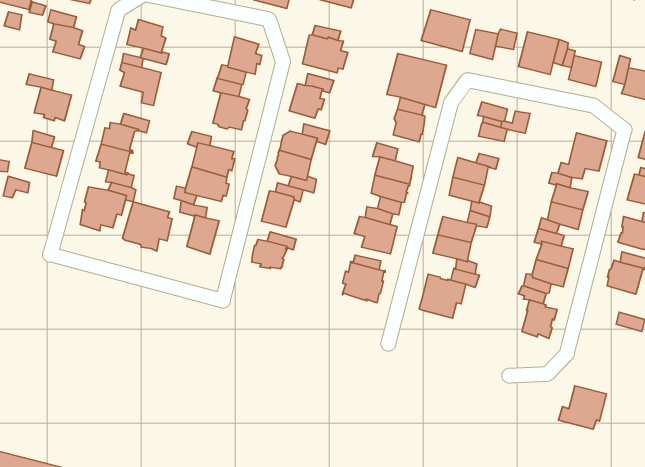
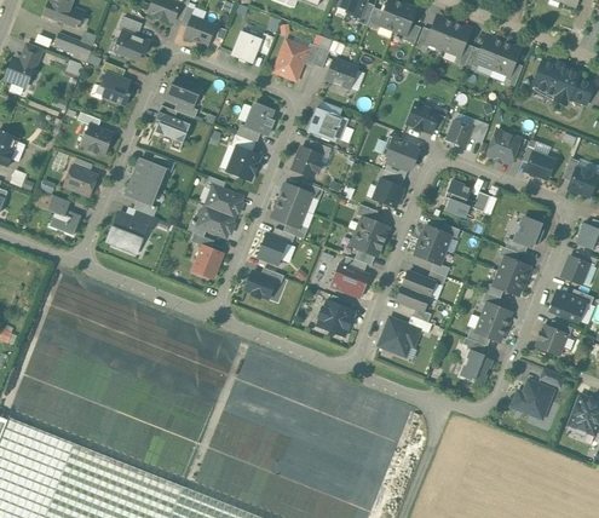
building: none -> [50,206,81,235]
building: [123,202,172,251] -> none
building: [558,386,606,429] -> [511,379,553,416]

